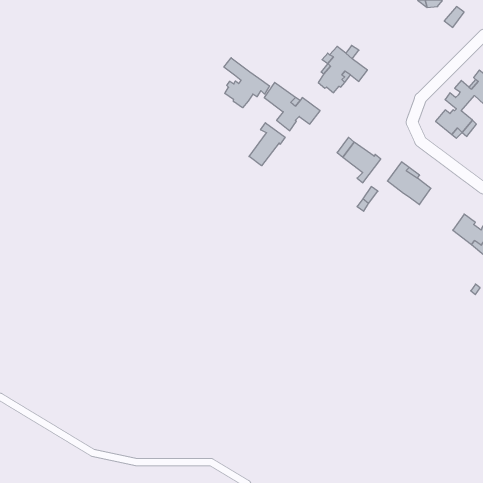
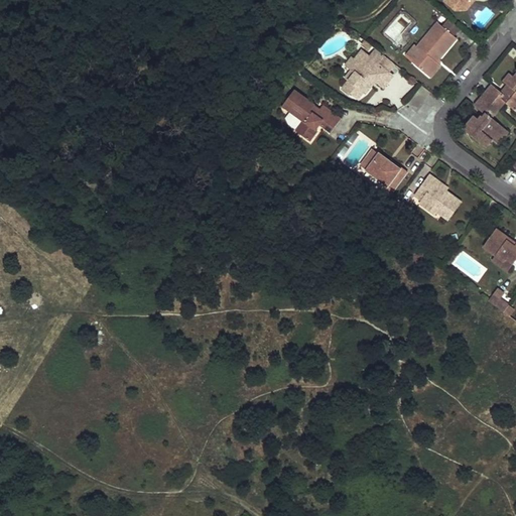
building: none -> [412,22,456,76]
building: [224,58,270,108] -> none
building: [249,123,285,166] -> none

